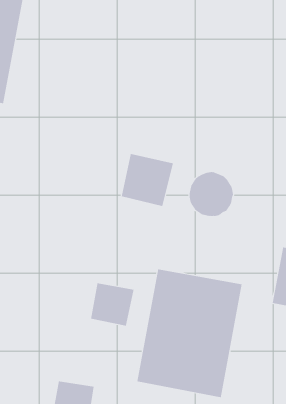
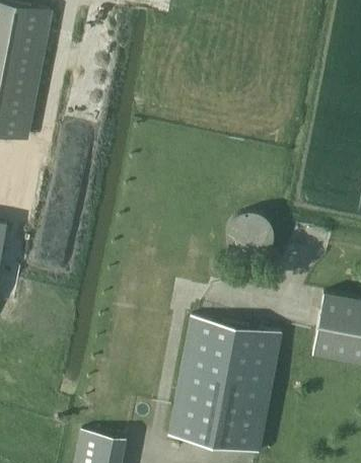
building: [121,153,173,207] -> none
building: [91,282,134,326] -> none

